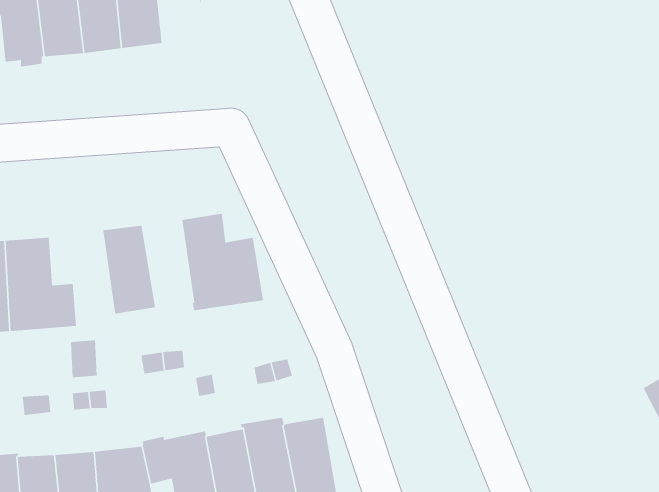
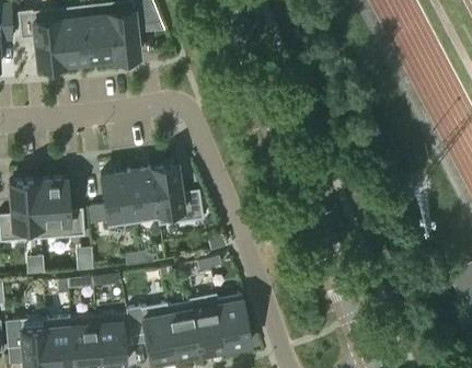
building: none -> [126,169,159,225]

